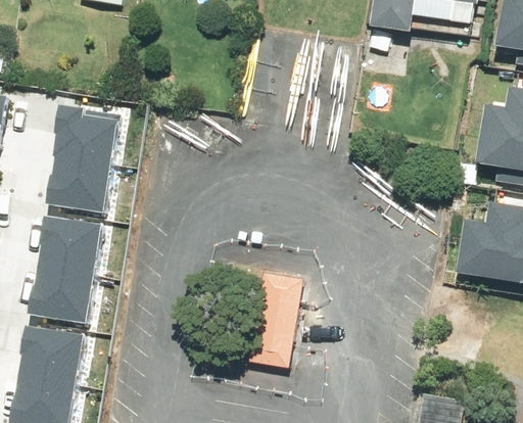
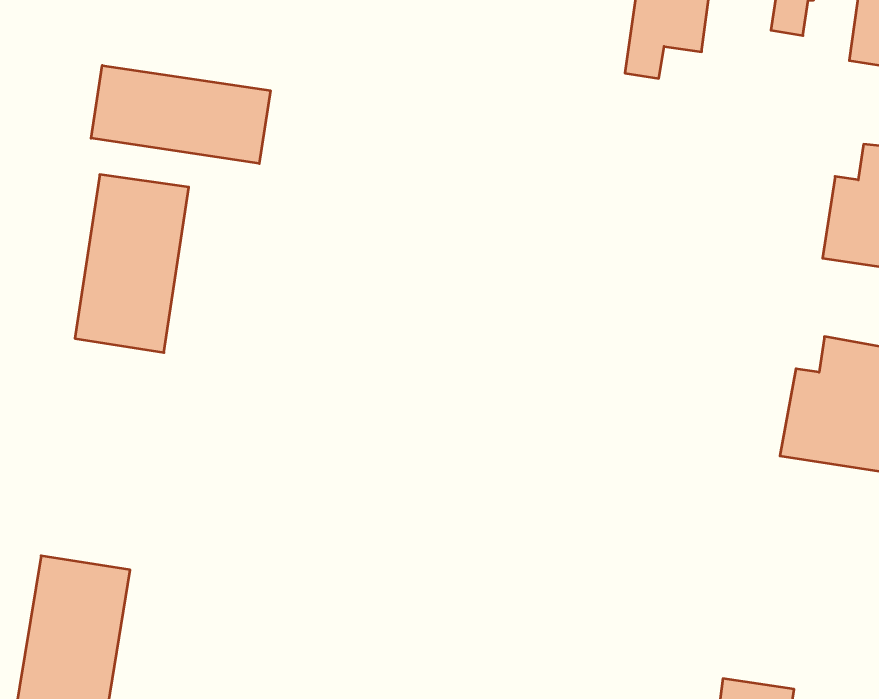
building: none -> [91,65,270,164]
building: [34,220,99,322] -> none
building: [246,275,301,372] -> none

